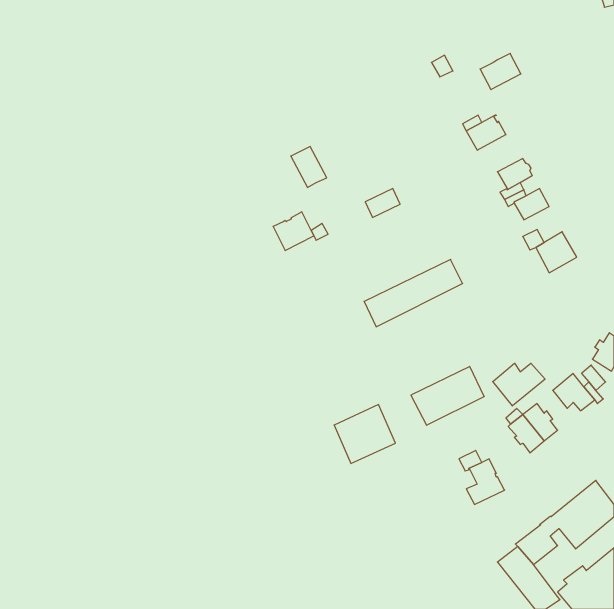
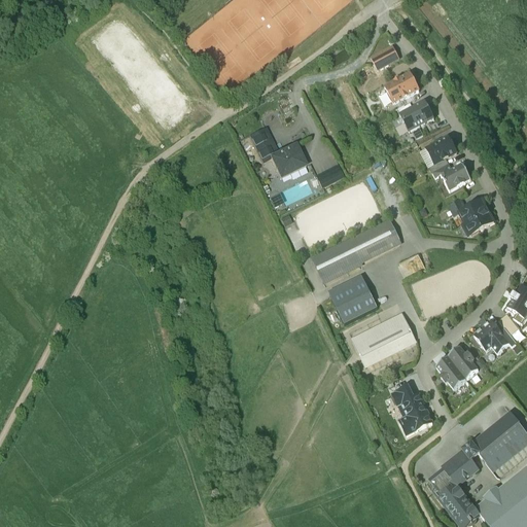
building: [480,53,521,90] -> [384,70,419,101]
building: [273,212,314,250] -> [271,144,306,177]
building: [493,363,545,406] -> none
building: [334,405,395,463] -> [323,272,376,322]

